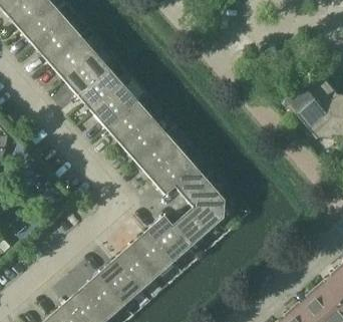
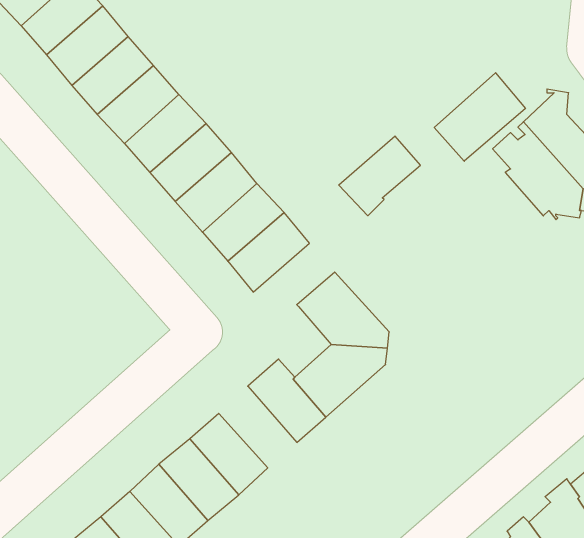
building: none -> [434,73,525,161]
building: [150,150,196,195] -> [339,136,420,216]
building: [131,230,175,275] -> none

